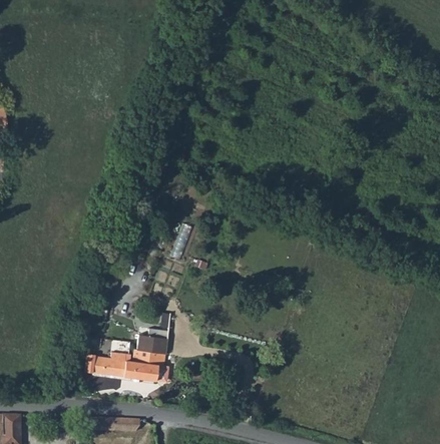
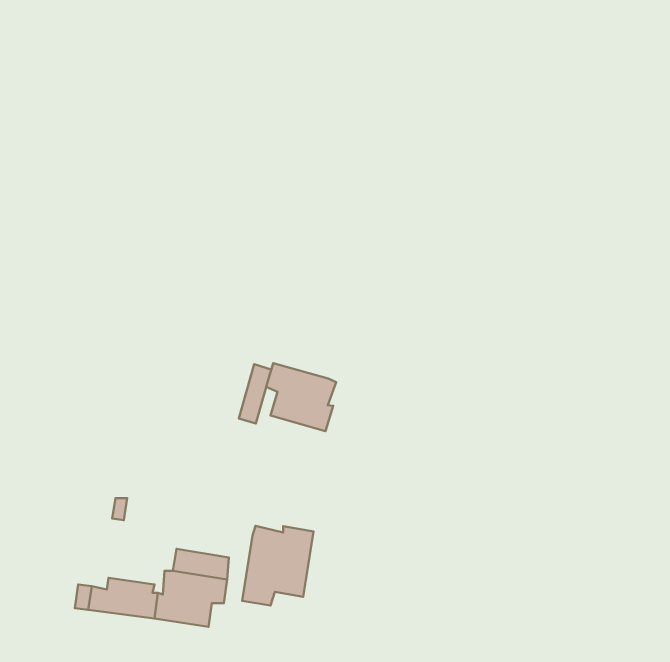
building: none -> [266,363,336,431]
building: none -> [242,526,313,606]

